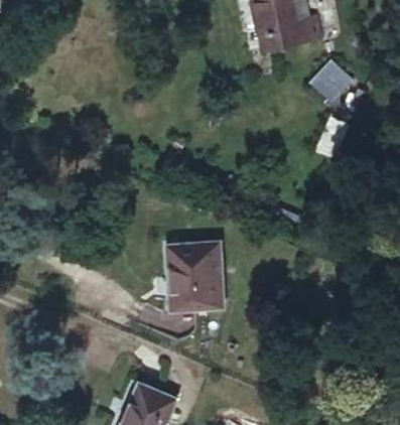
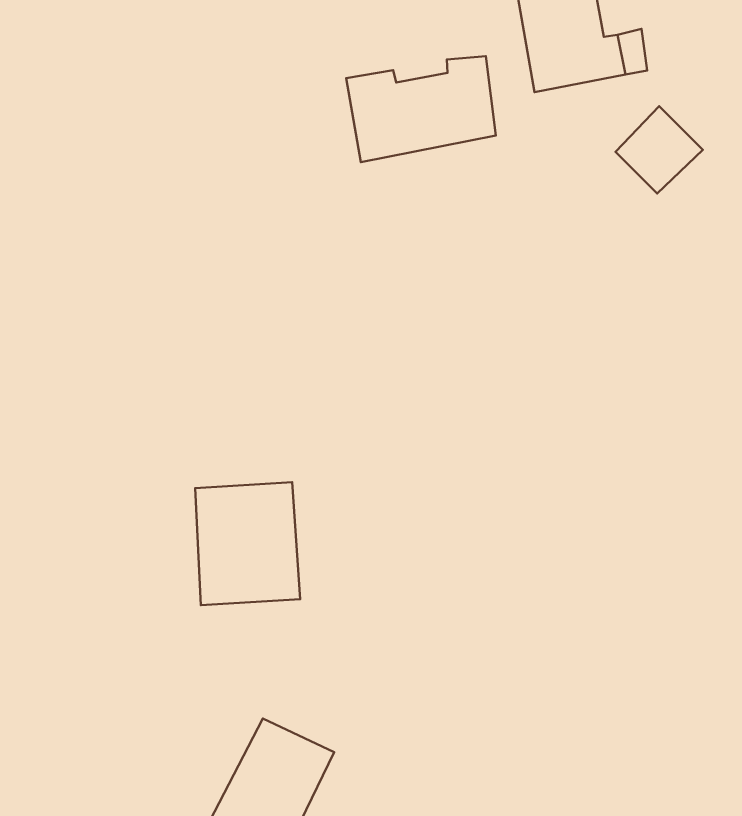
building: none -> [346,56,496,162]
building: [162,238,216,300] -> [195,482,300,605]

